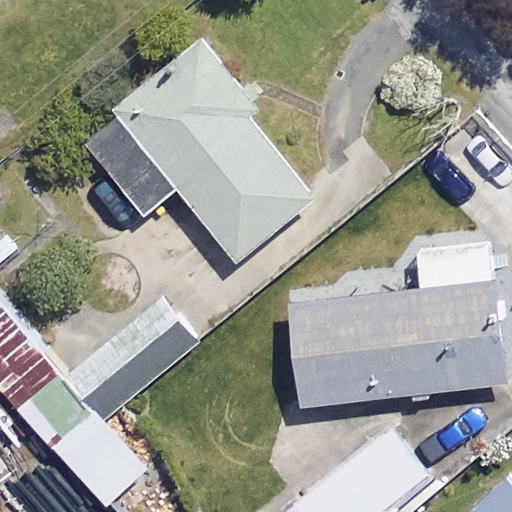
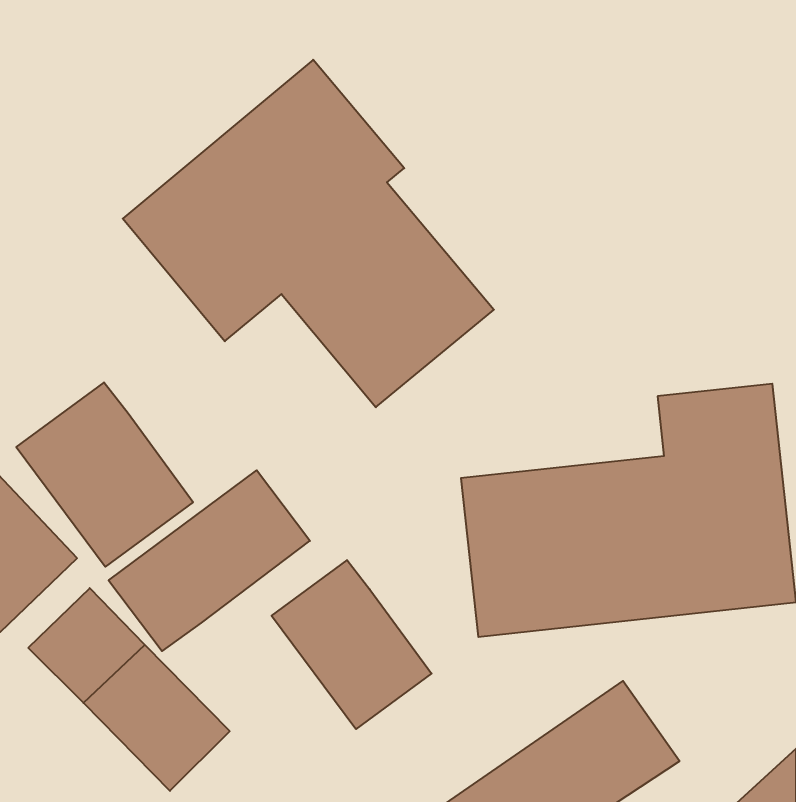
building: none -> [16,382,193,567]
building: none -> [272,560,432,729]

